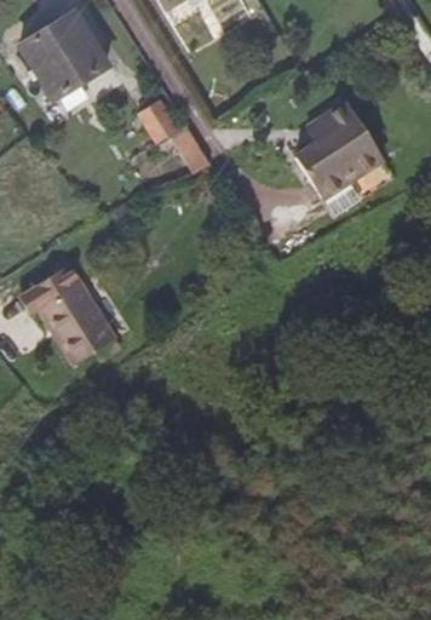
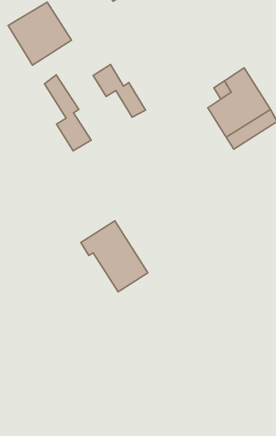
building: none -> [44,75,91,151]
building: [17,265,110,364] -> [81,221,148,292]

